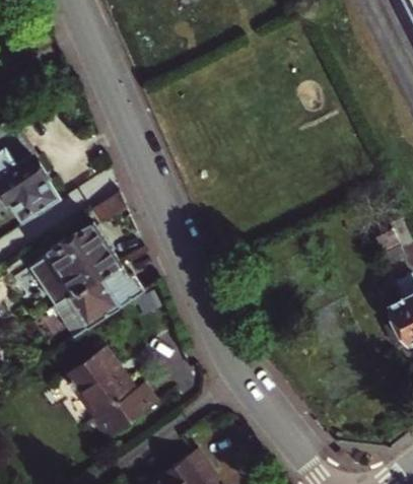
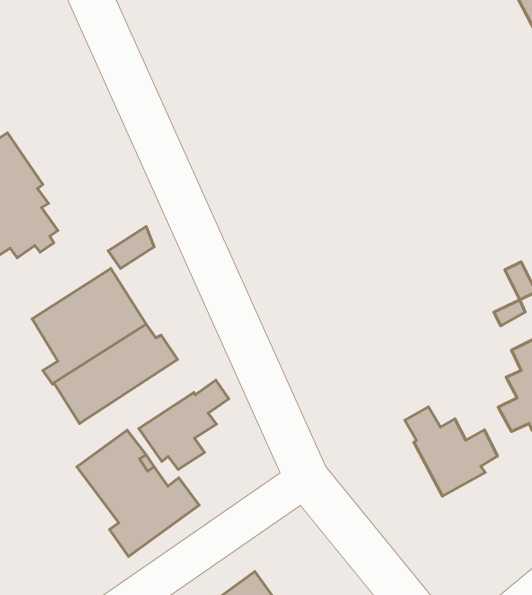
building: none -> [139,380,229,469]
building: none -> [405,407,498,496]

